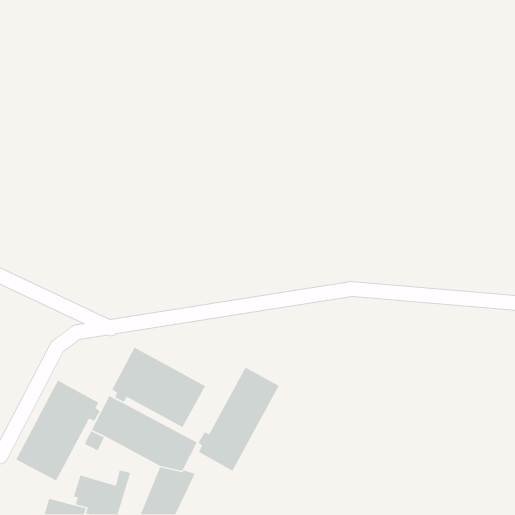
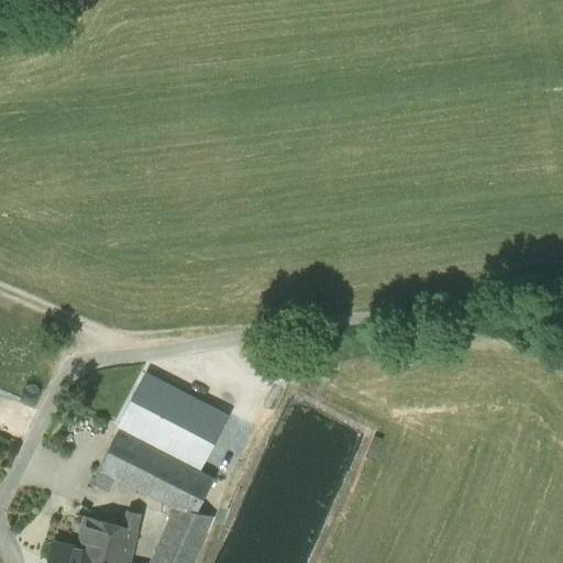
building: [198,367,280,472] -> none
building: [15,379,101,482] -> none

